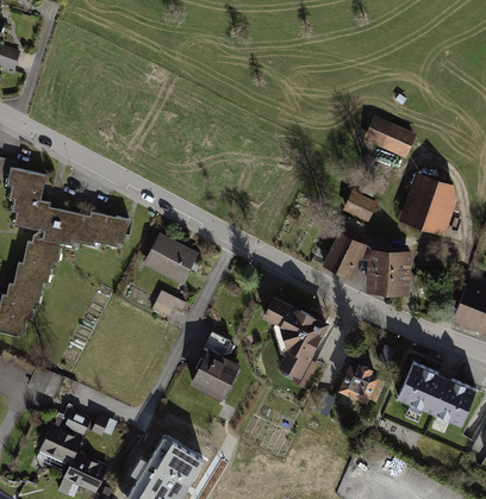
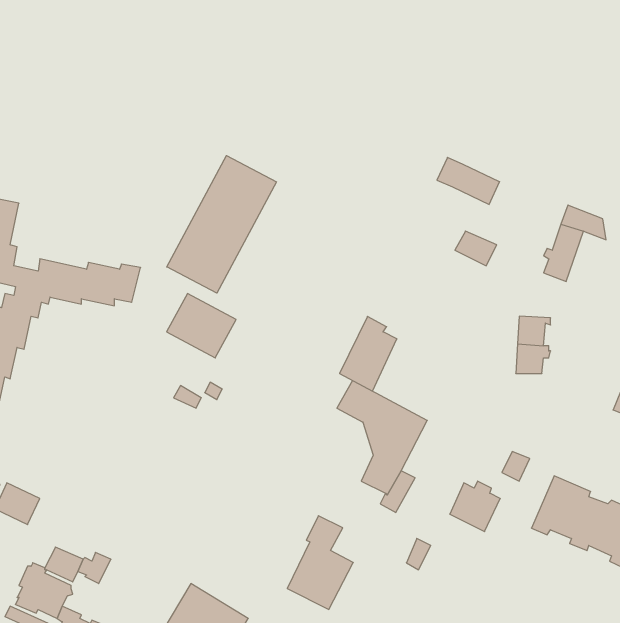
building: [368,120,411,152] -> [437,157,500,204]
building: none -> [167,156,276,293]
building: [420,194,448,235] -> none
building: [324,226,363,277] -> [340,316,397,391]
building: [369,251,388,292] -> none
building: [192,333,237,398] -> [287,516,353,609]

